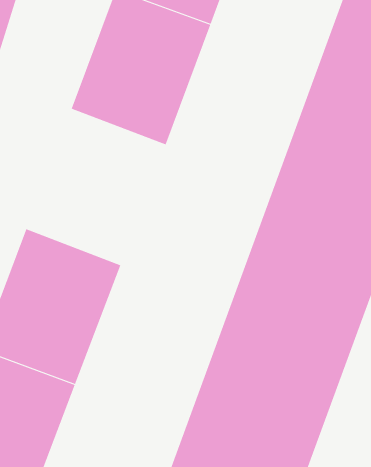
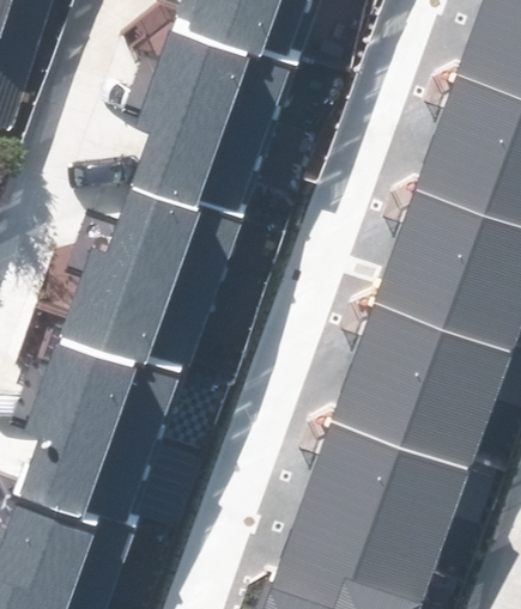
building: none -> [67,151,247,351]

